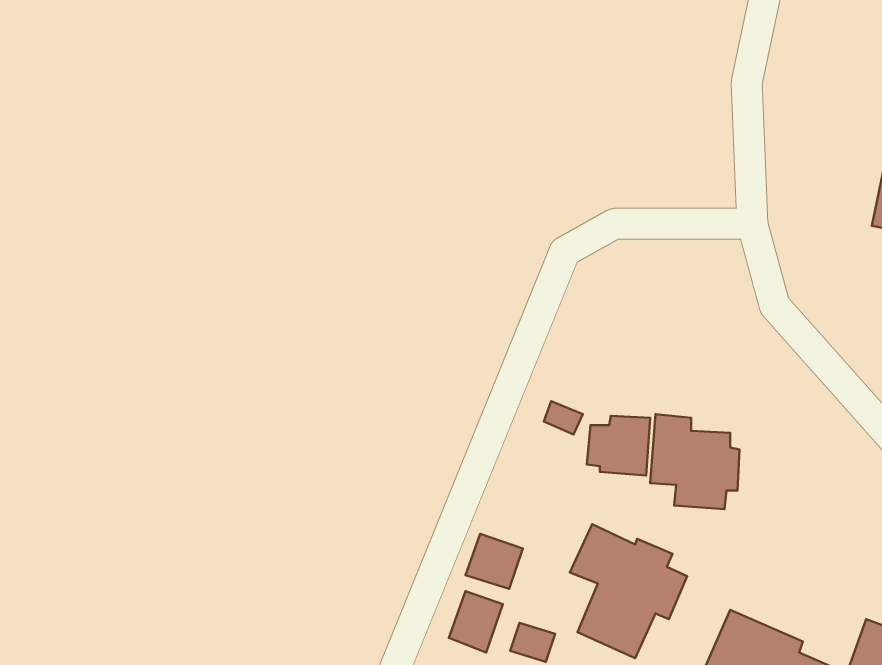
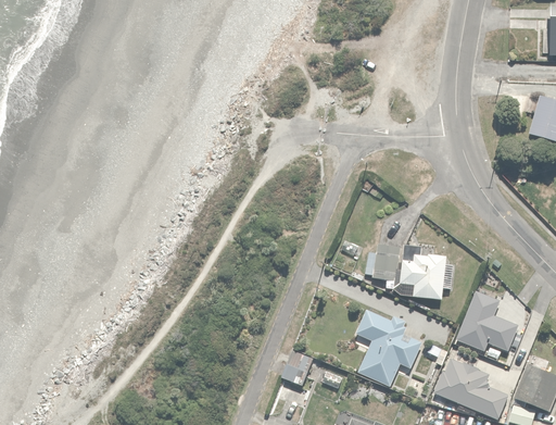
building: none -> [453,286,527,352]
building: [466,534,523,589] -> none

